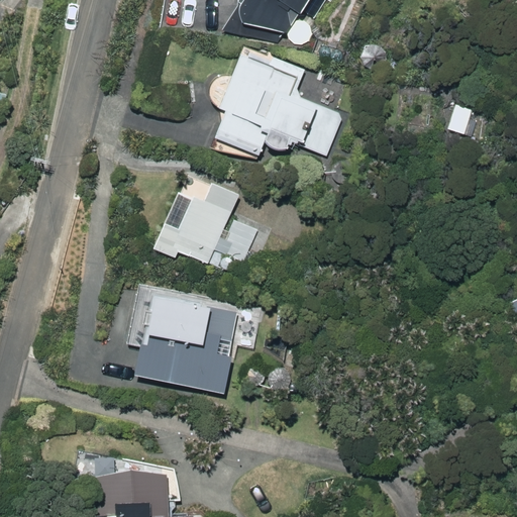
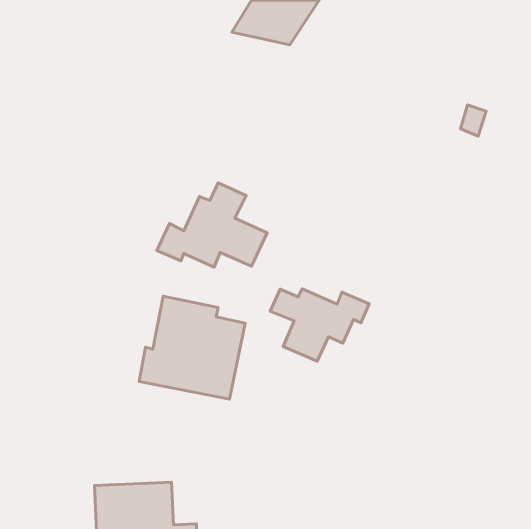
building: [208,53,342,158] -> none
building: none -> [270,289,369,361]

